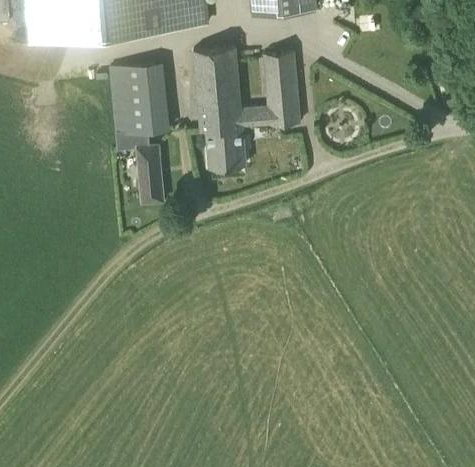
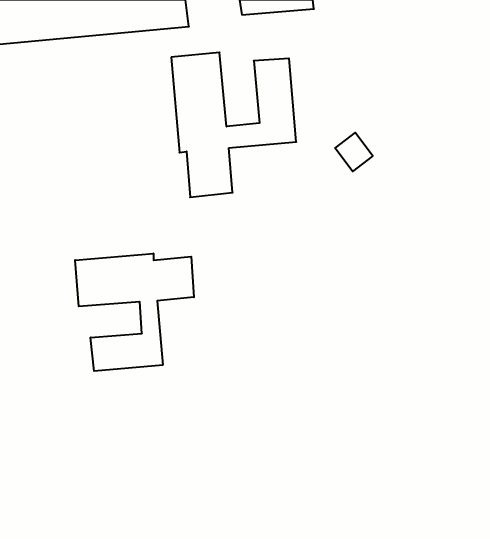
building: [111,62,168,202] -> none
building: none -> [75,253,194,371]

